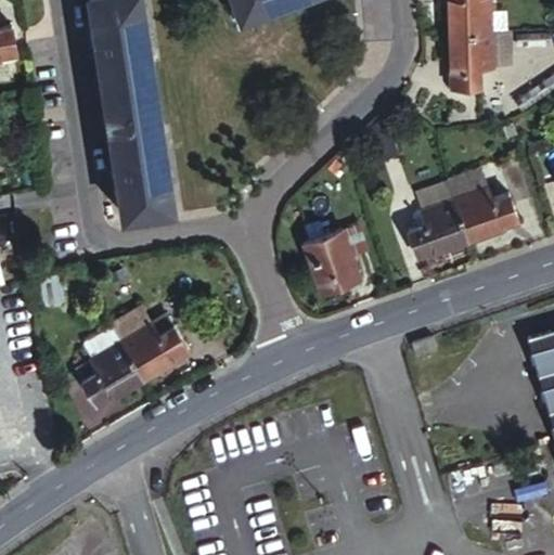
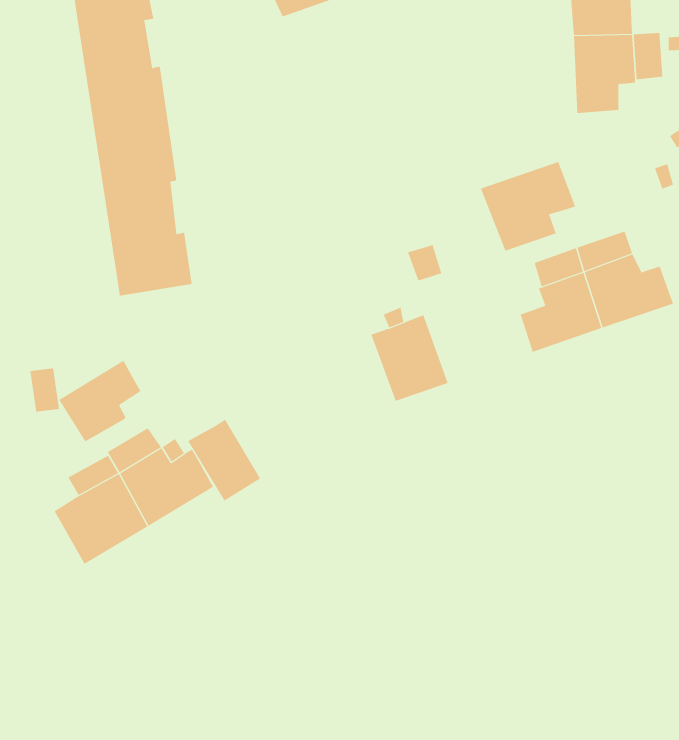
building: none -> [480,161,576,251]
building: none -> [58,360,141,442]
building: none -> [188,419,261,502]

